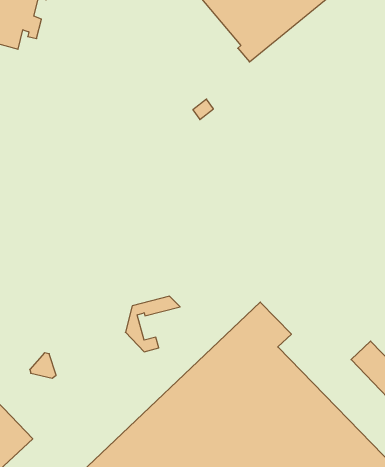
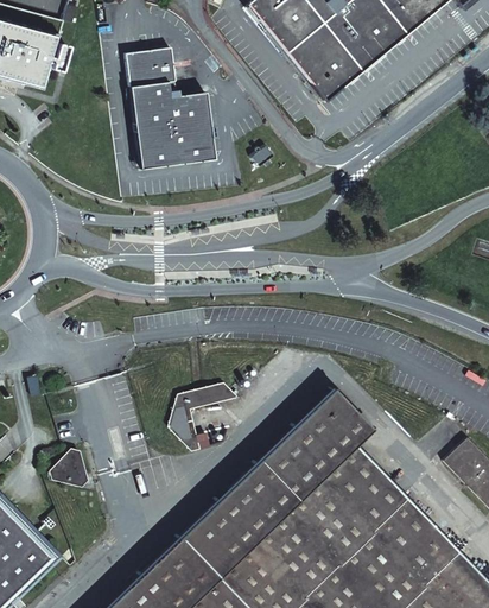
building: none -> [127,48,216,169]

